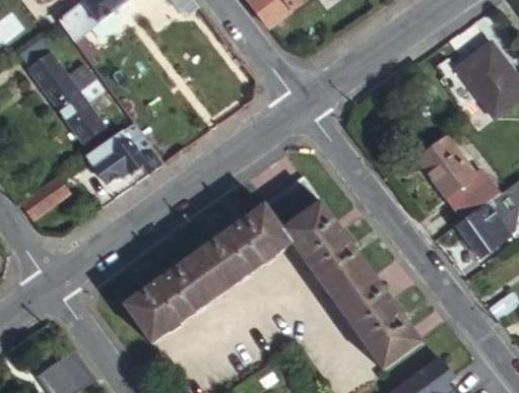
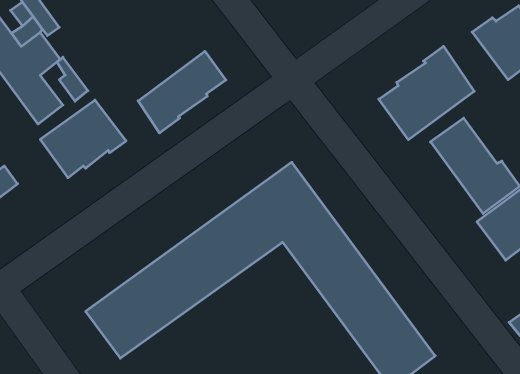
building: none -> [379,46,474,140]
building: none -> [138,51,226,133]

